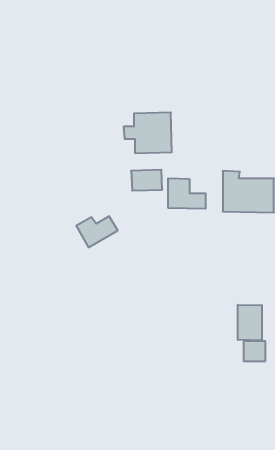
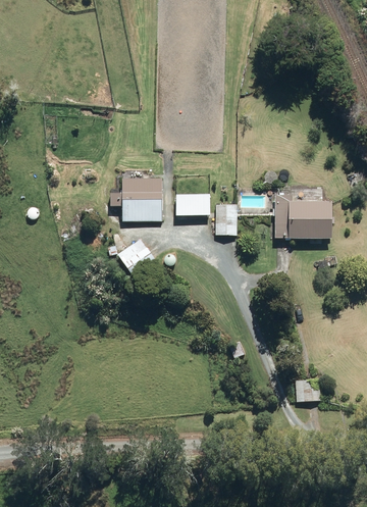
building: [124,112,172,153] -> [110,176,162,220]
building: [238,305,262,340] -> none

